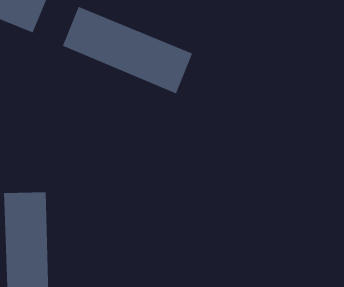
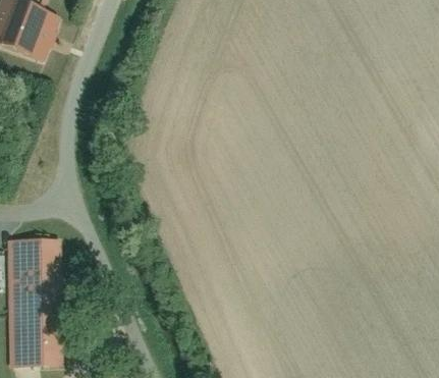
building: [62,6,193,94] -> none

